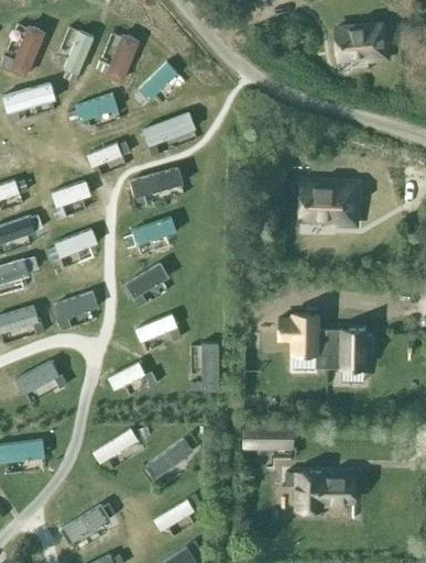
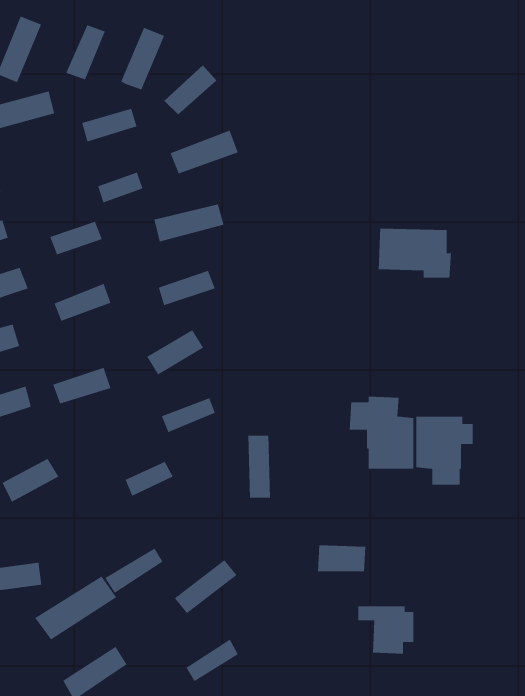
building: [335,25,389,62] -> none
building: none -> [34,576,117,641]
building: [328,473,354,501] -> none

